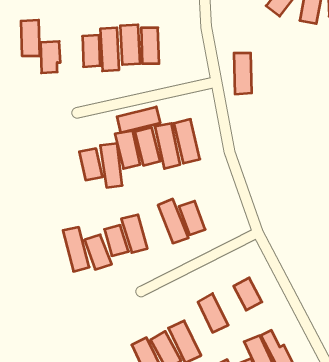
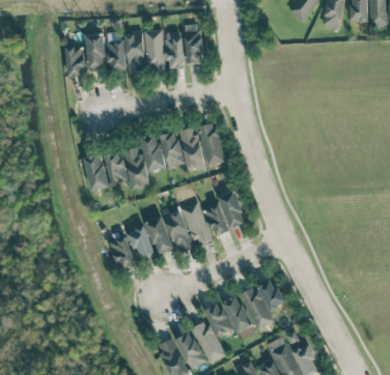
building: [21,20,40,56] -> [86,33,105,68]
building: [234,53,252,94] -> [185,24,202,64]
building: [117,107,160,133] -> none
building: none -> [83,153,108,191]
building: none -> [218,190,246,229]
building: [63,227,89,271] -> [166,210,192,254]
building: none -> [243,287,273,328]
building: none -> [205,302,230,336]

